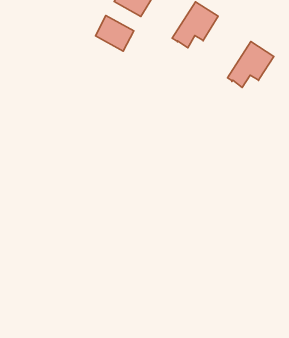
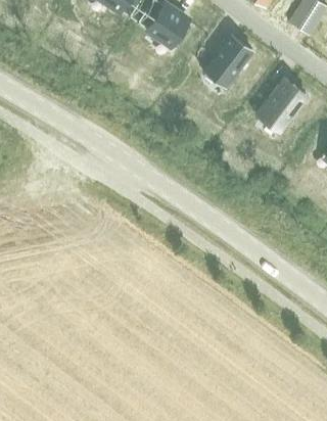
building: [95,15,134,51] -> none

